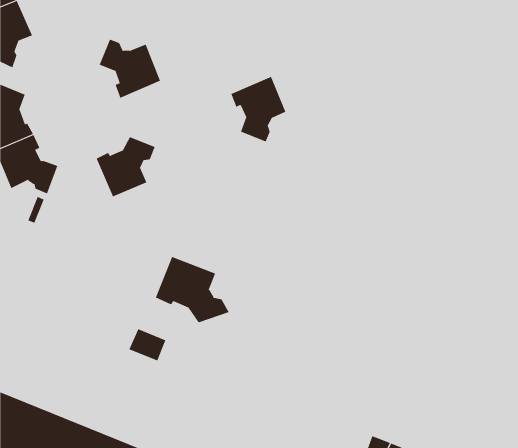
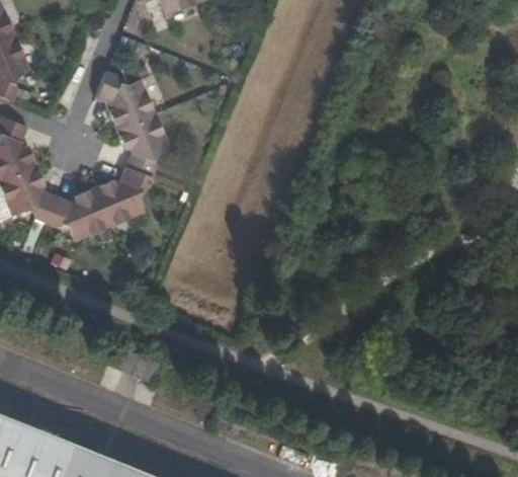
building: [231,76,286,142] -> [116,113,170,177]
building: none -> [47,188,109,241]
building: [155,256,229,323] -> none

